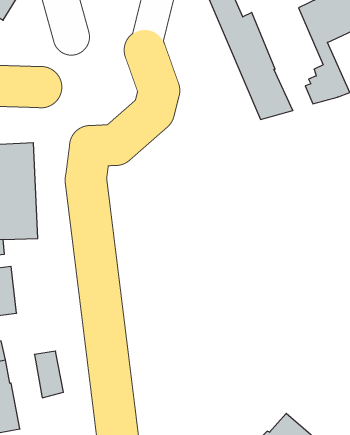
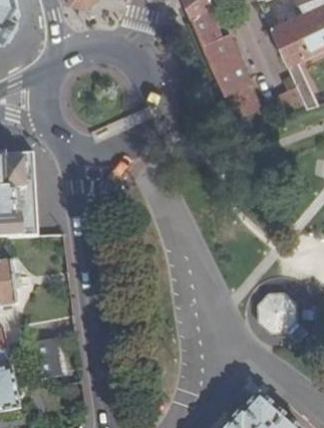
building: none -> [257,290,298,332]

